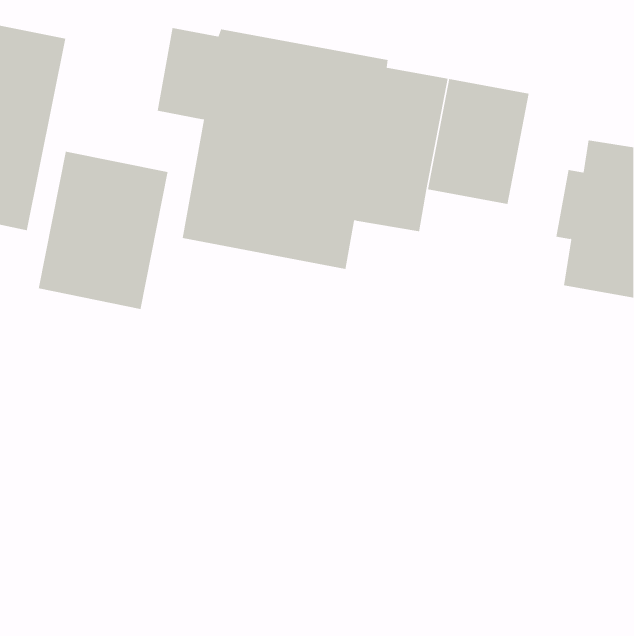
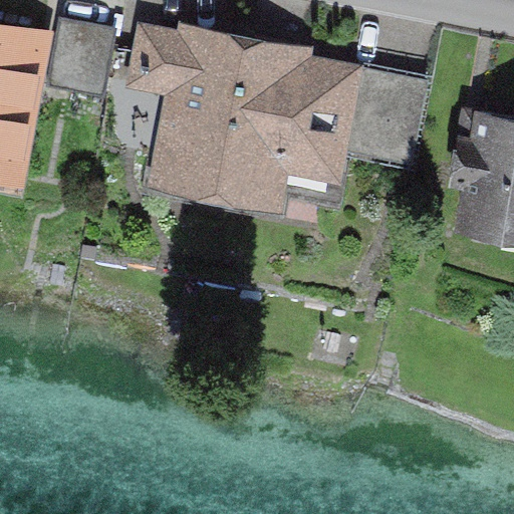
building: none -> [46,17,119,99]
building: [38,151,168,310] -> none

